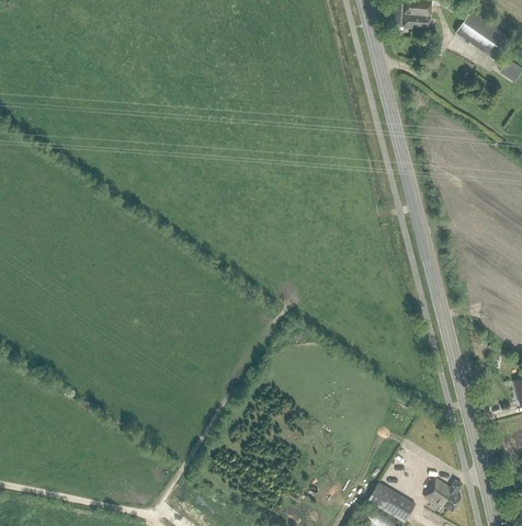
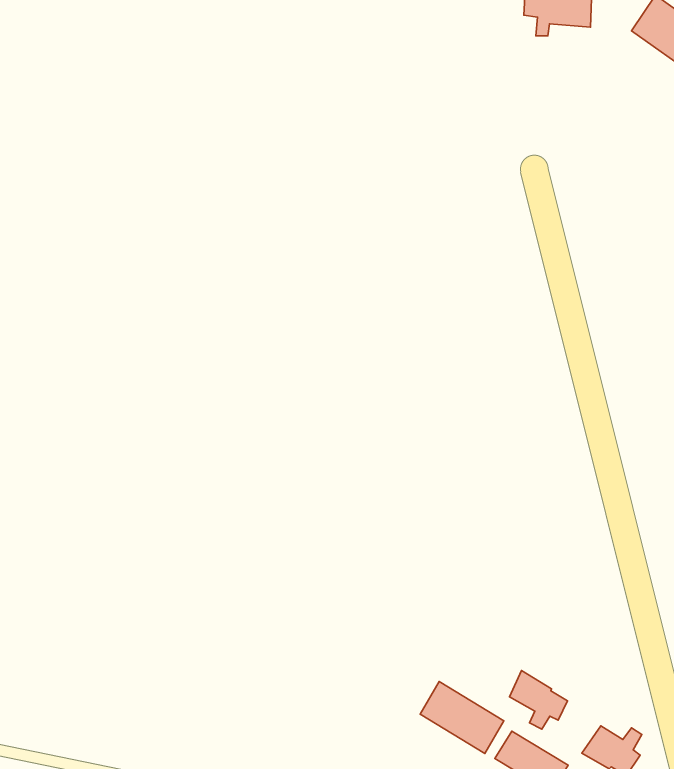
building: none -> [510,671,568,729]
building: none -> [420,682,504,754]

